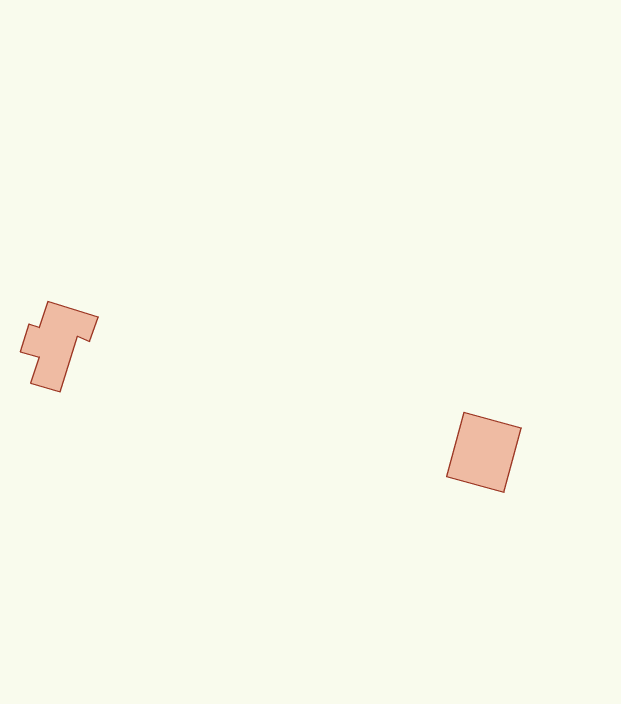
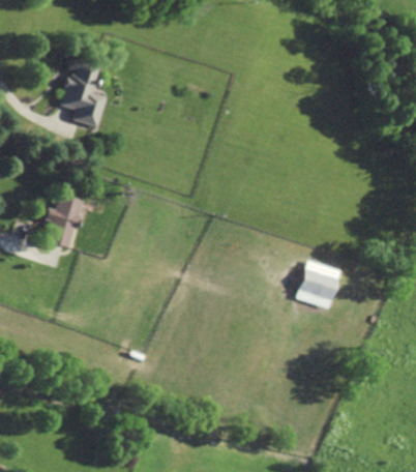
building: none -> [61,61,105,127]

